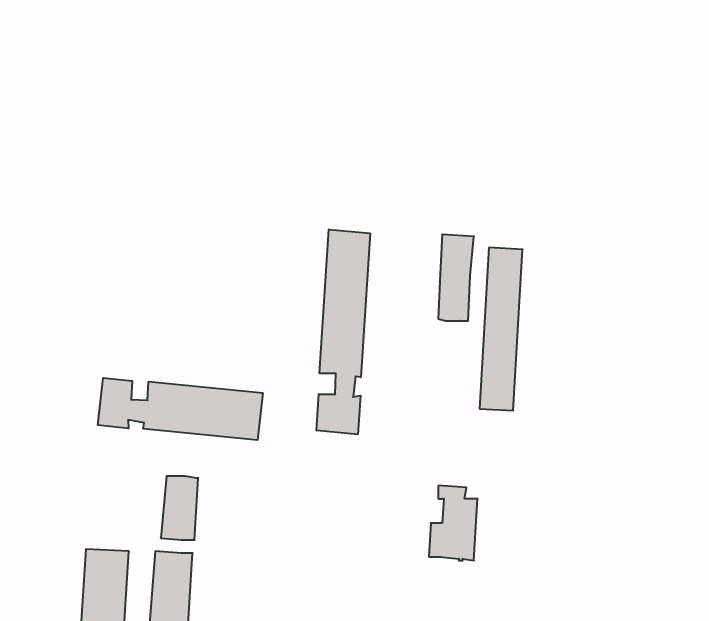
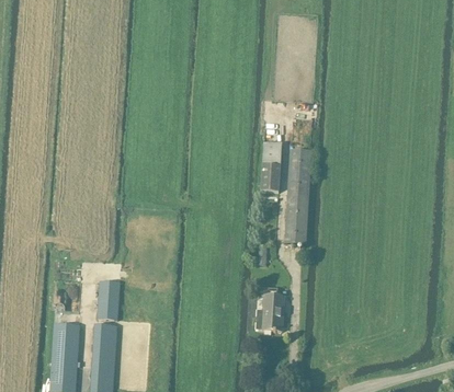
building: [317,229,370,434] -> none
building: [98,378,263,440] -> none

